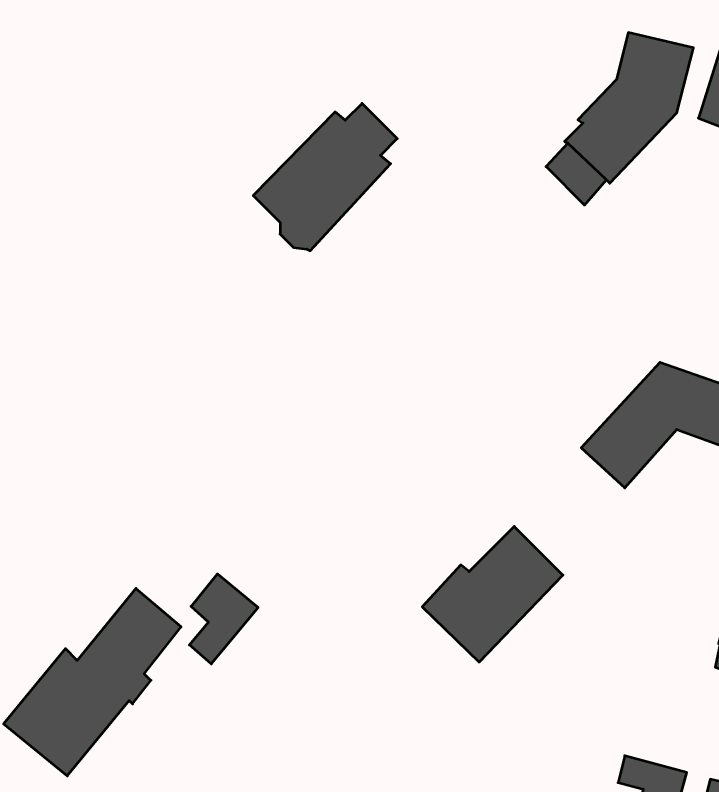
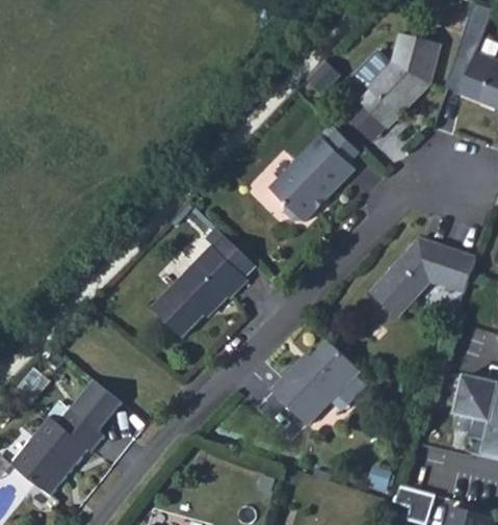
building: [253,103,397,251] -> [269,130,359,221]
building: none -> [152,234,256,337]
building: [189,574,258,664] -> none

